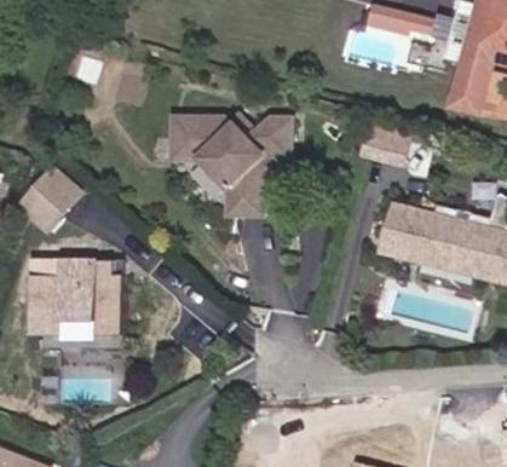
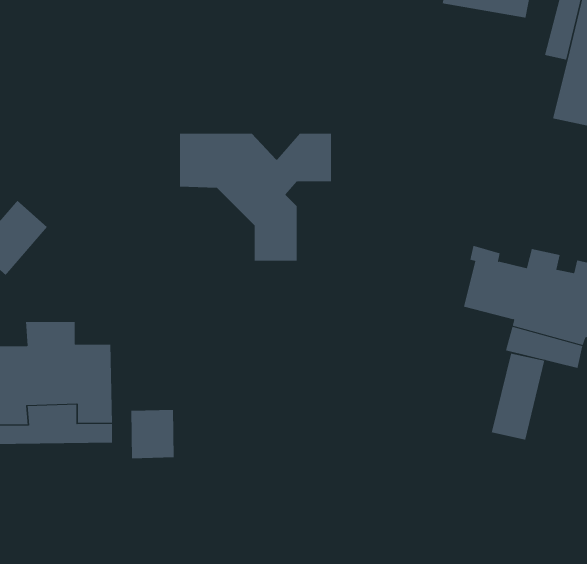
building: [362,126,409,162] -> none
building: none -> [491,353,545,440]
building: none -> [131,409,174,459]

